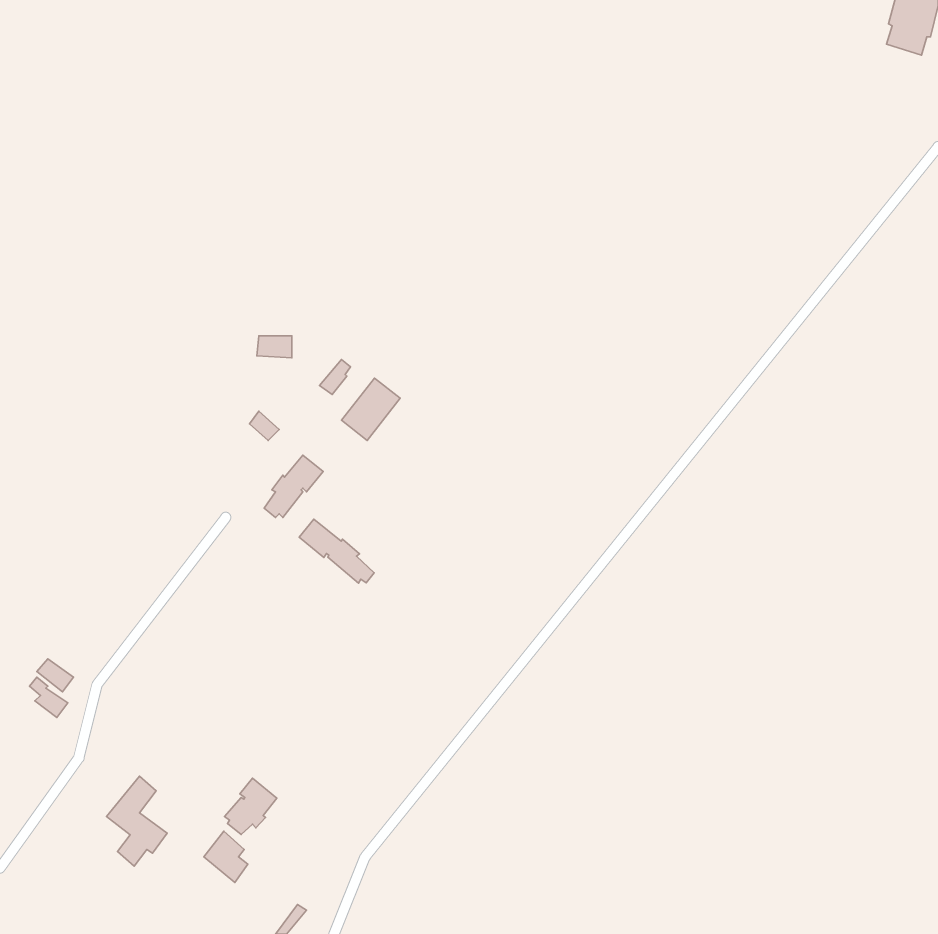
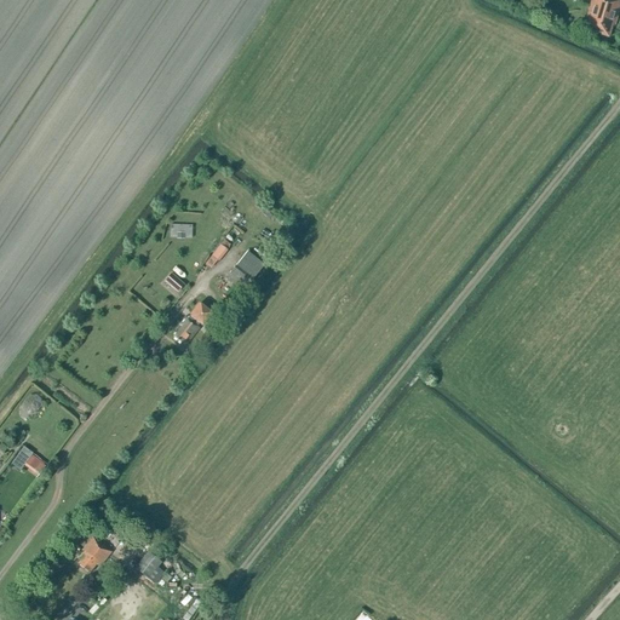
building: [299,519,374,583] -> none
building: [225,778,277,835] -> none

